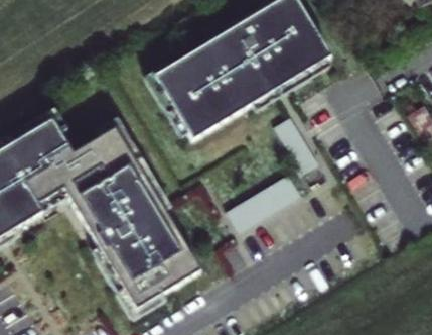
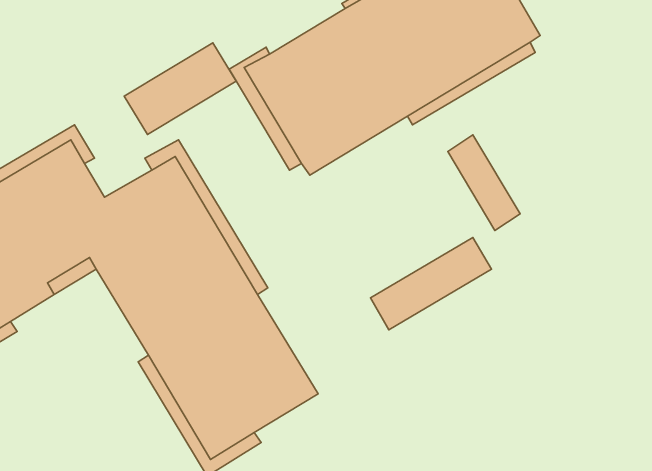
building: none -> [124,43,236,135]

